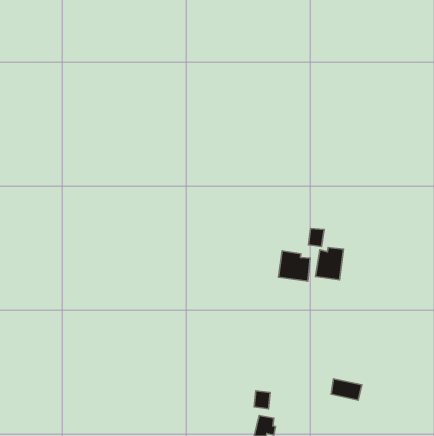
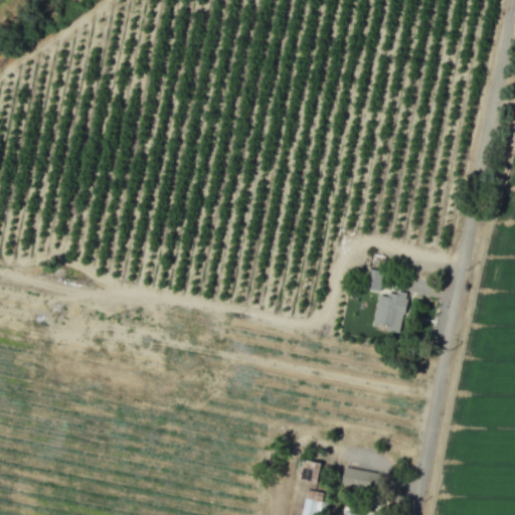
building: [278,251,310,281] -> none
building: [331,379,362,400] -> [342,467,378,492]

